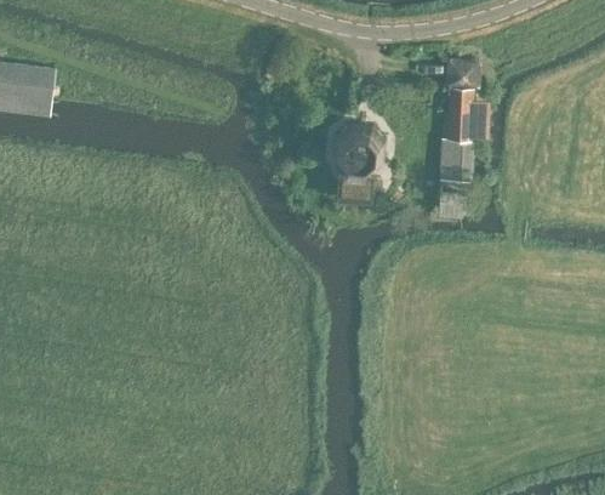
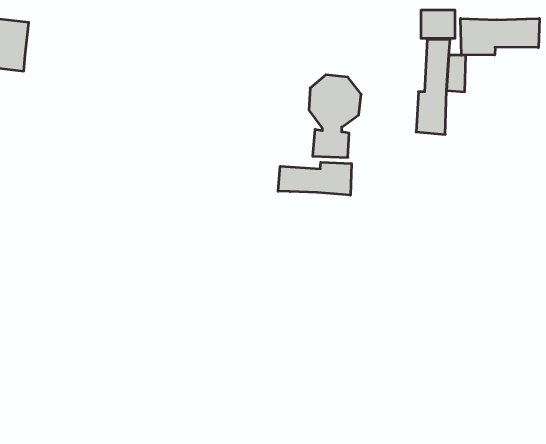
building: none -> [461,18,539,55]
building: none -> [278,162,352,195]

